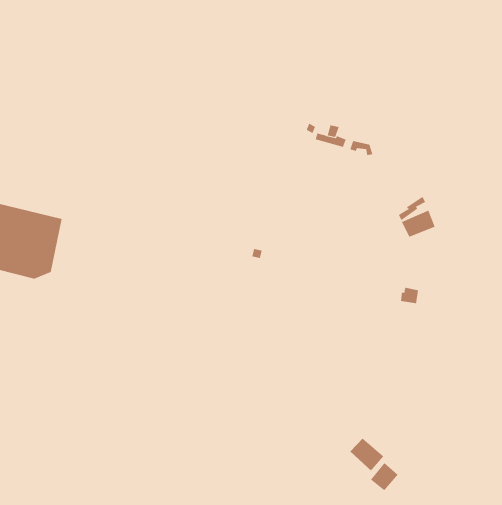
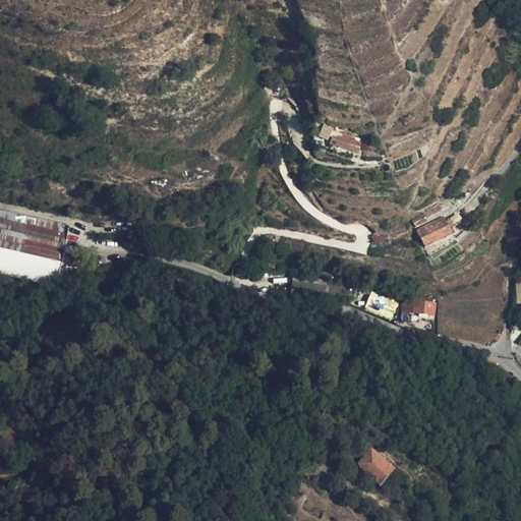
building: [370,462,399,491] -> none

